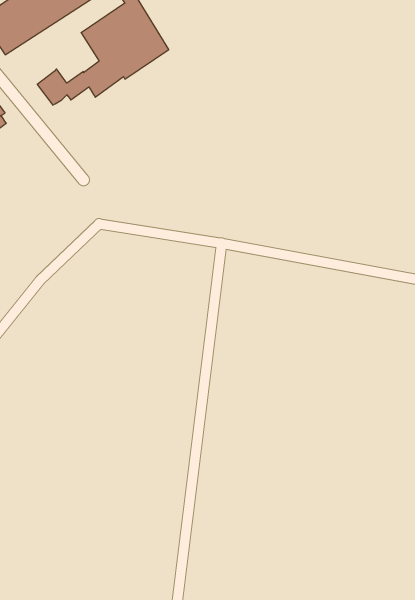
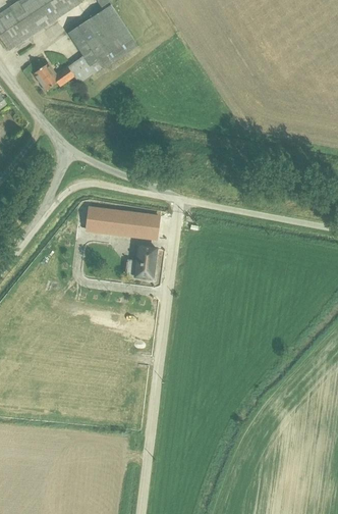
building: none -> [86,205,160,240]
building: none -> [125,244,159,279]

